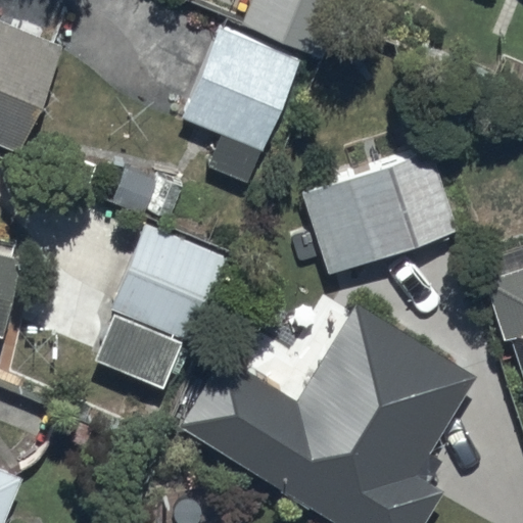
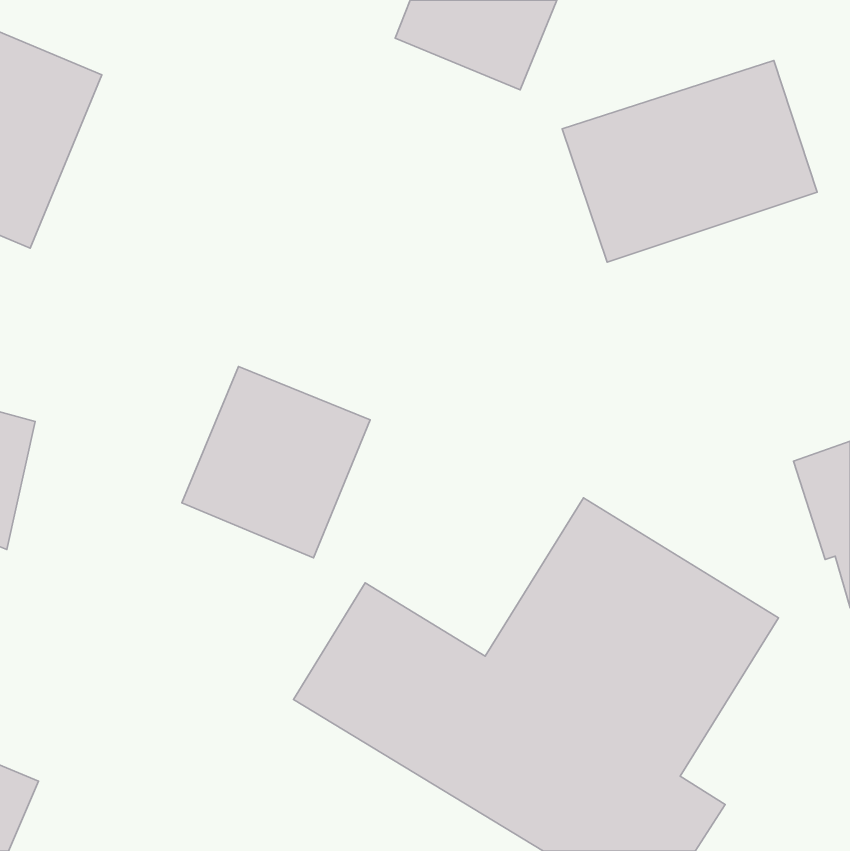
building: [182,29,299,184] -> none
building: [301,151,458,275] -> [562,61,817,262]

